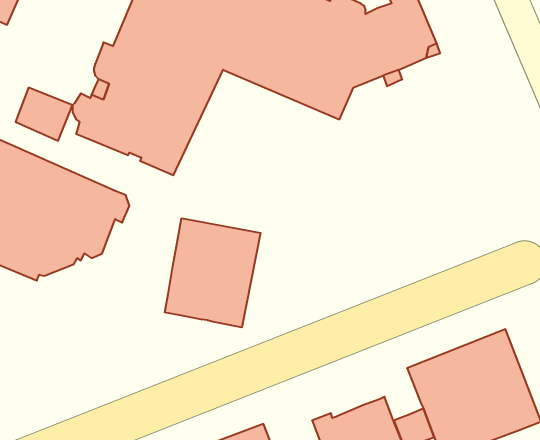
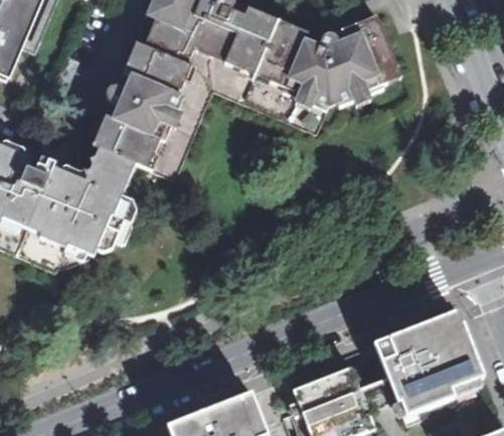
building: [16,88,73,141] -> [88,147,136,192]
building: [165,218,261,327] -> none

